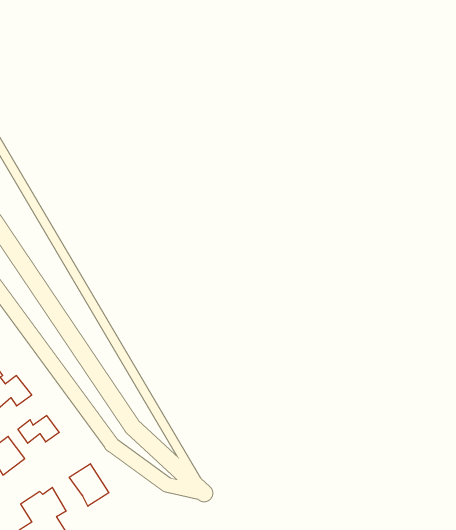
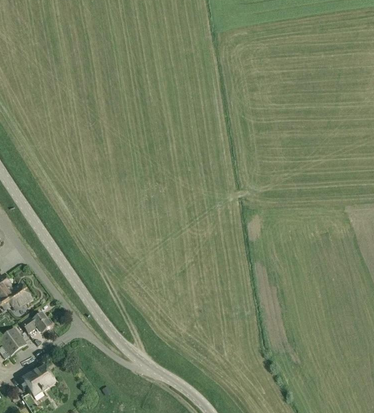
building: [69,464,109,506] -> none

